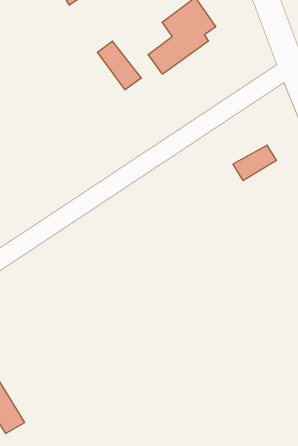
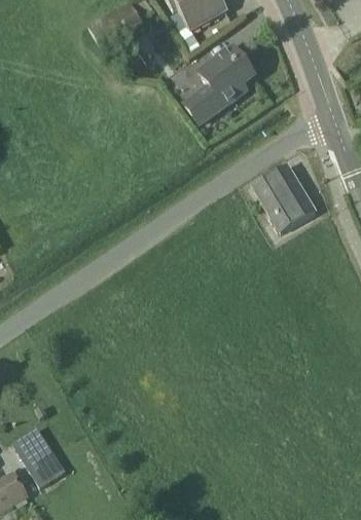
building: [97,41,141,90] -> none
building: none -> [253,163,306,214]

